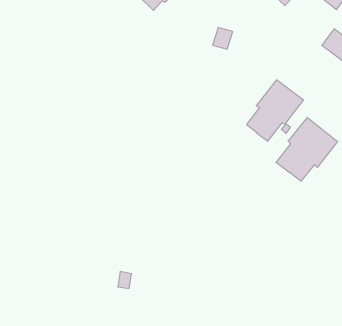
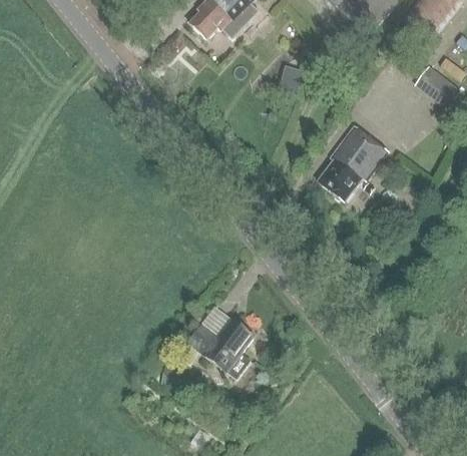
building: [276,117,338,181] -> none
building: none -> [186,316,253,373]

